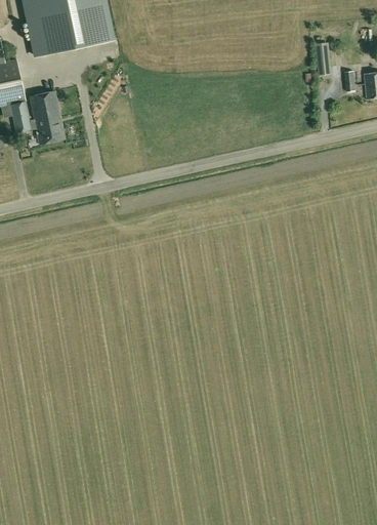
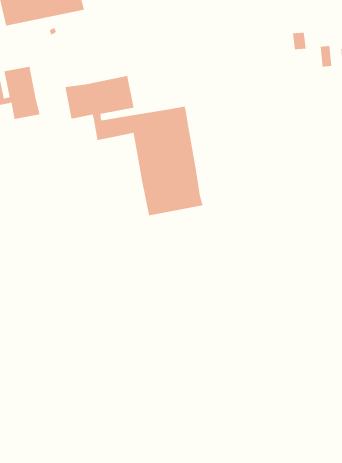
building: none -> [65,75,203,216]

